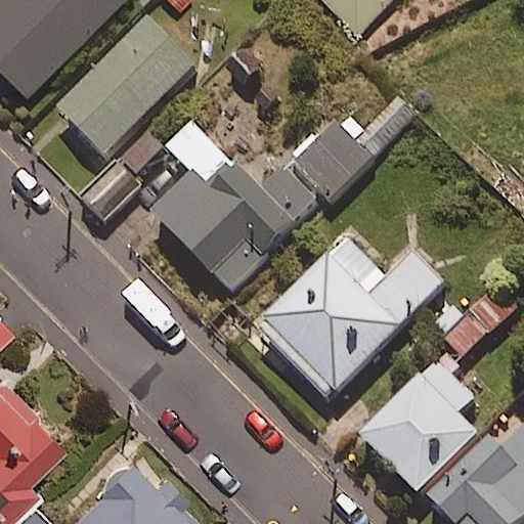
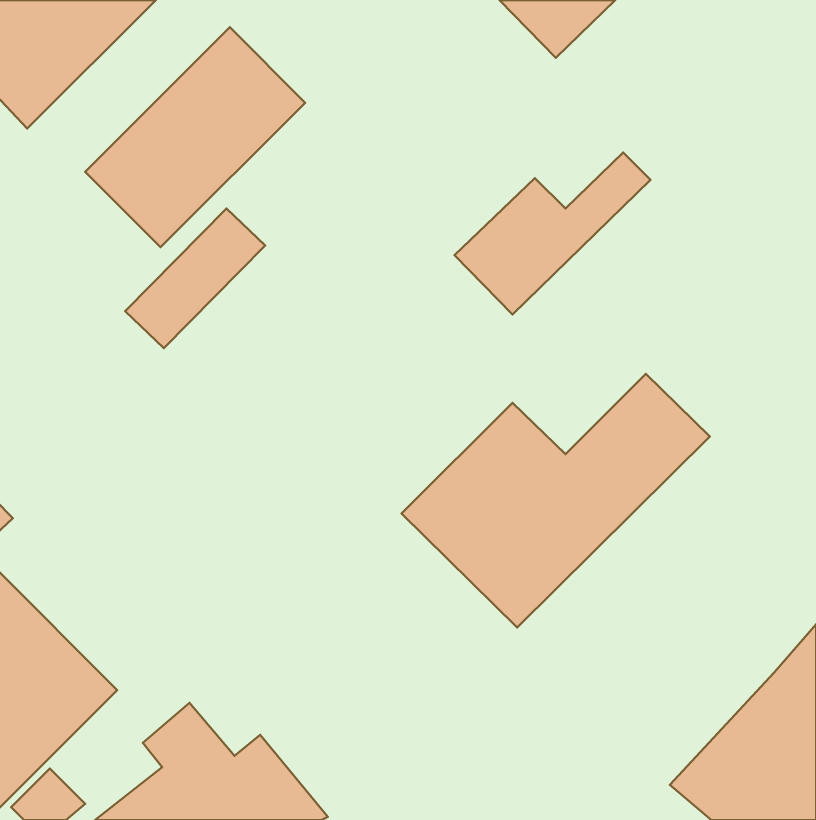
building: [145,162,317,294] -> none
building: [356,335,488,496] -> none

